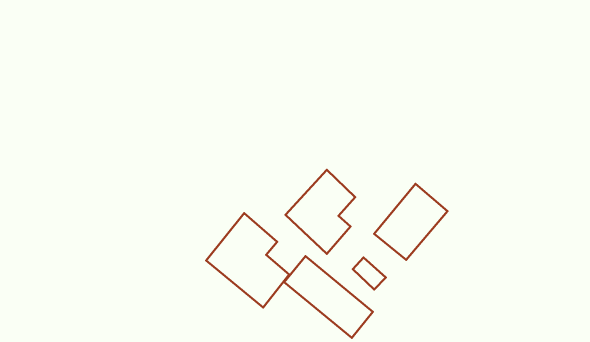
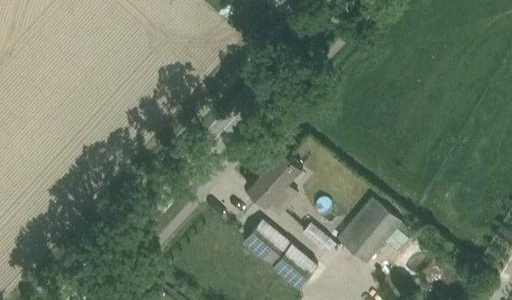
building: [374,184,447,260] -> [340,200,402,264]
building: [206,213,289,307] -> none

